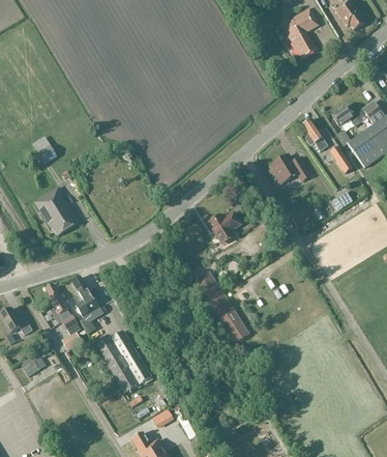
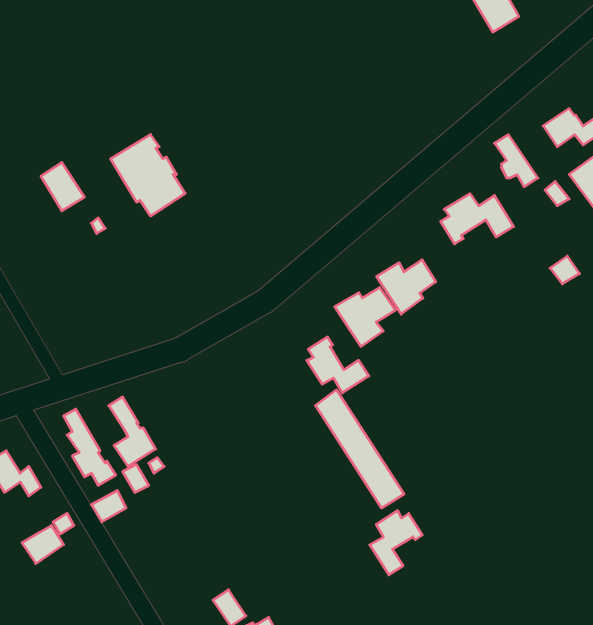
building: [34,187,79,235] -> [111,134,185,216]
building: none -> [377,260,436,314]
building: none -> [307,337,369,393]
building: [96,331,151,393] -> none
building: none -> [370,511,422,575]

